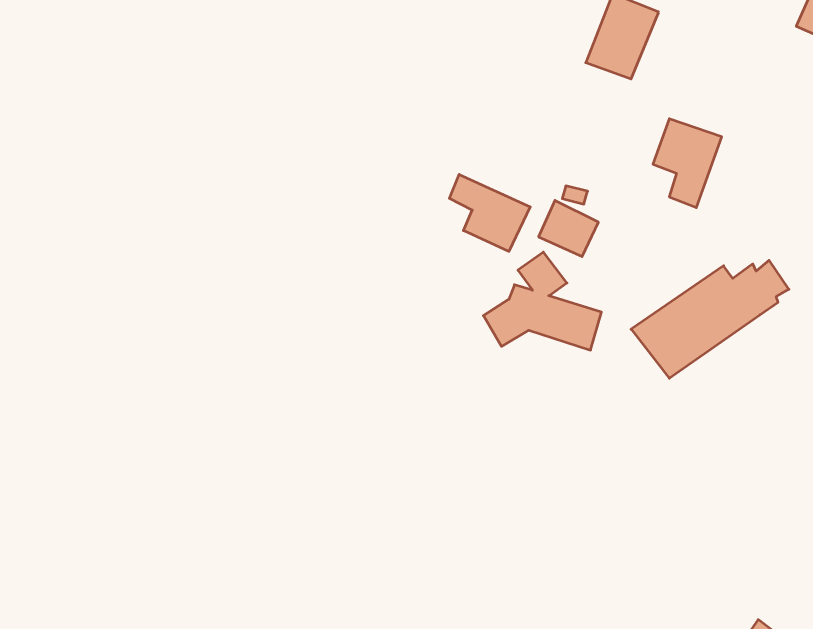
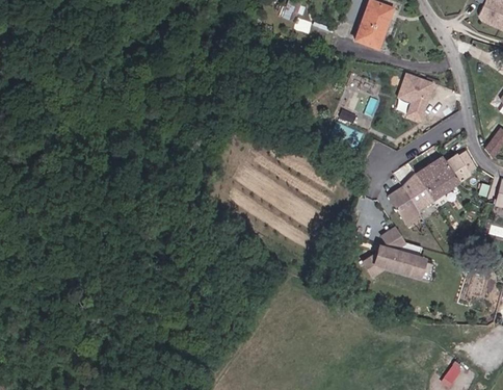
building: [449,174,530,251] -> none
building: [483,252,601,350] -> [361,226,428,282]

